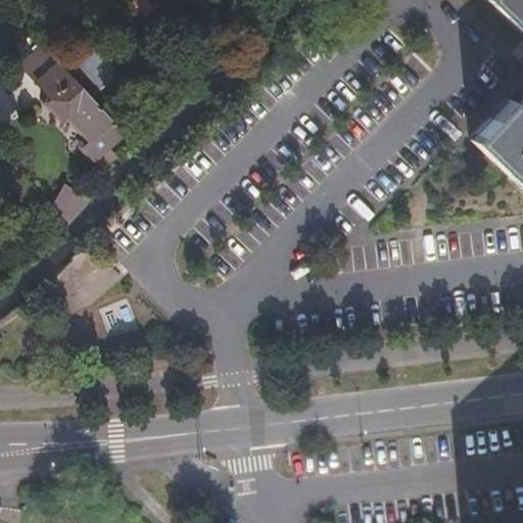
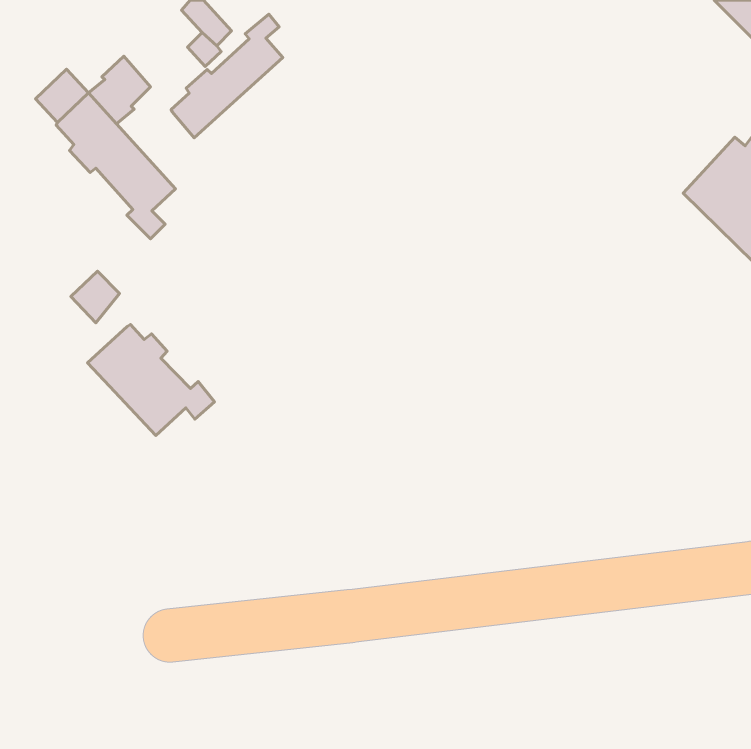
building: none -> [171,14,283,138]
building: none -> [87,325,214,435]

